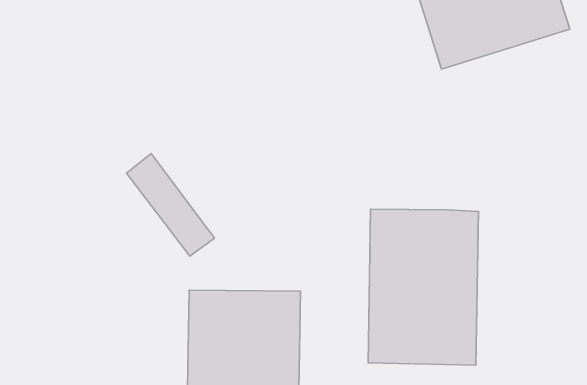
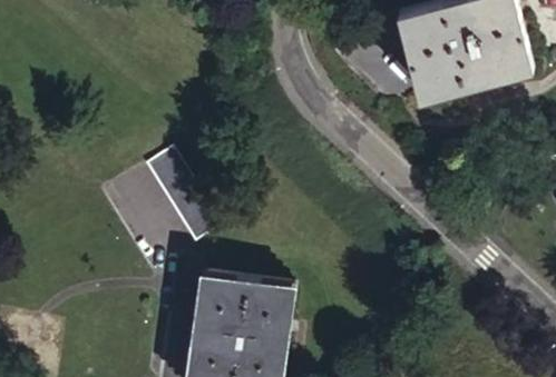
building: [368,209,478,365] -> none

